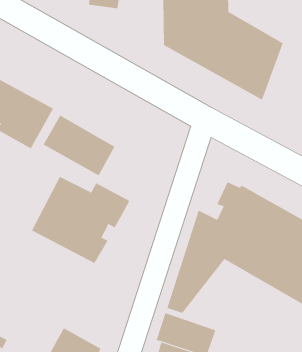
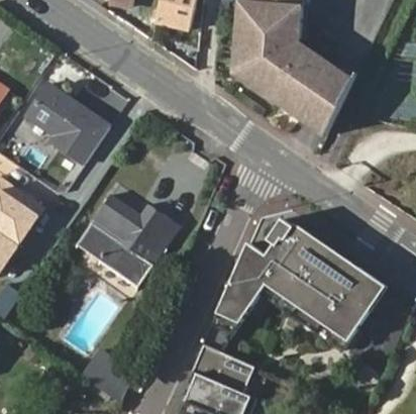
building: [43,115,115,176] -> none

